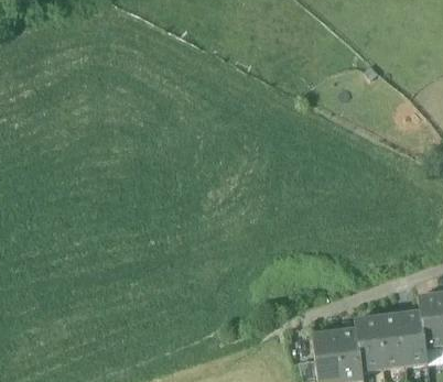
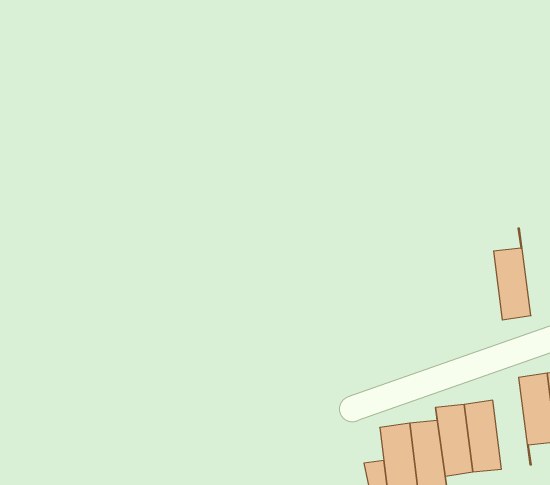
building: [398,295,426,365] -> [494,228,531,320]

